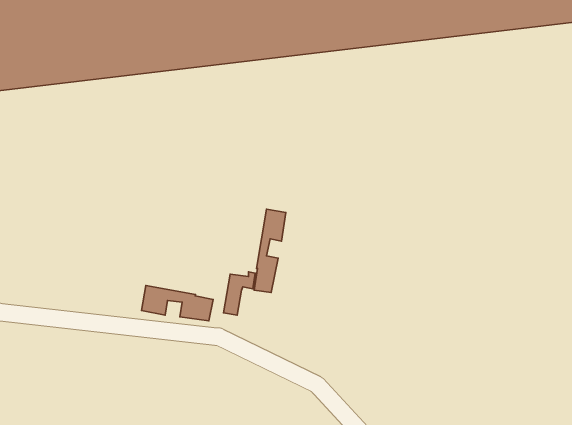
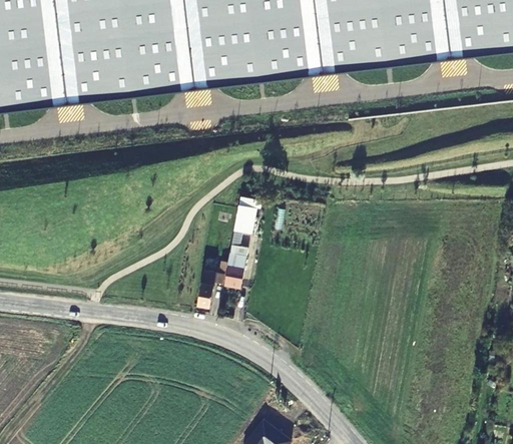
building: [142,286,213,321] -> none

